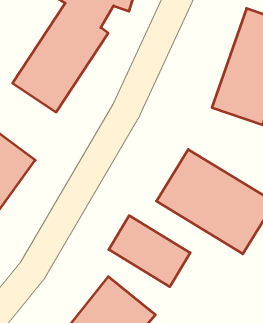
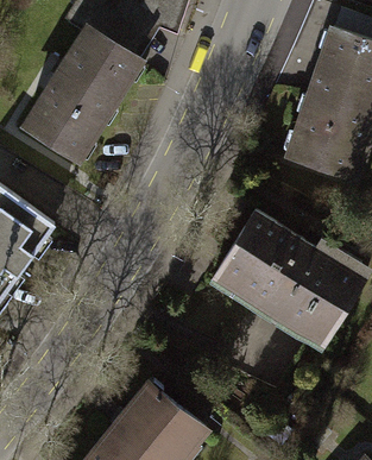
building: [109,216,190,287] -> none

